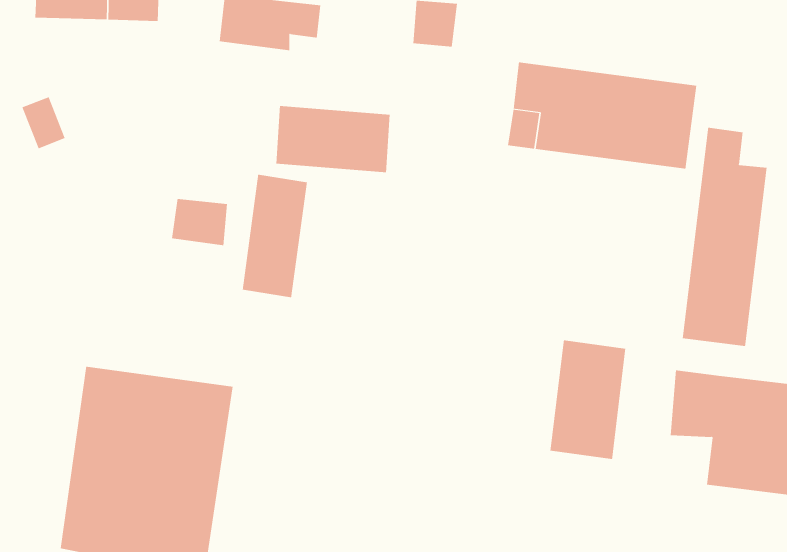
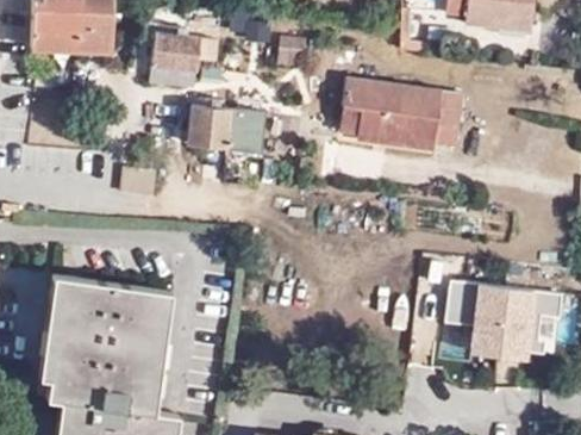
building: [682,127,767,347] -> none
building: [242,174,307,298] -> none
building: [550,340,626,460] -> none

